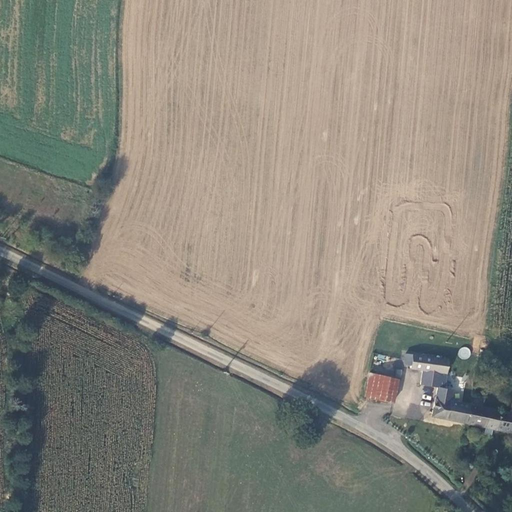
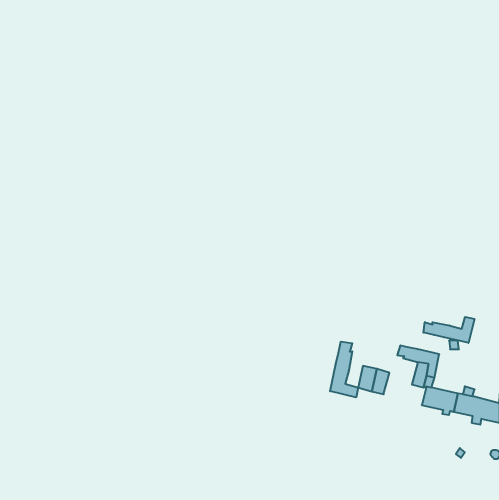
building: none -> [423,317,474,343]
building: none -> [330,342,358,397]

